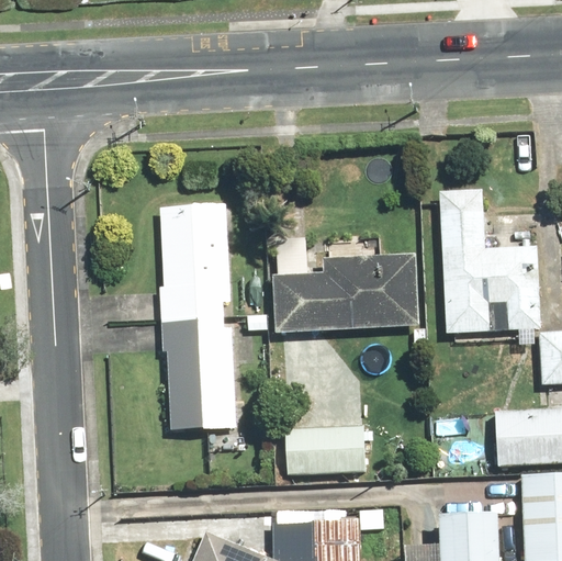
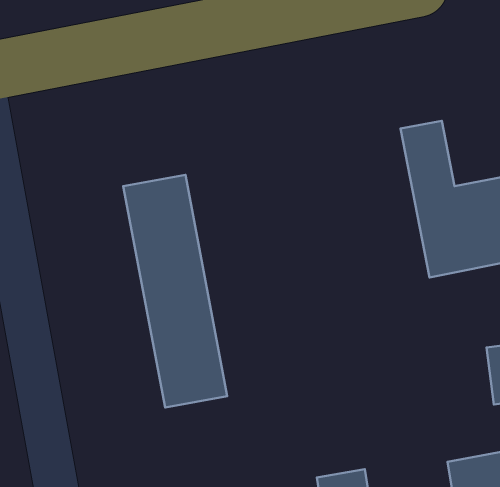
building: [276,228,417,339] -> none
building: [285,418,368,476] -> none

